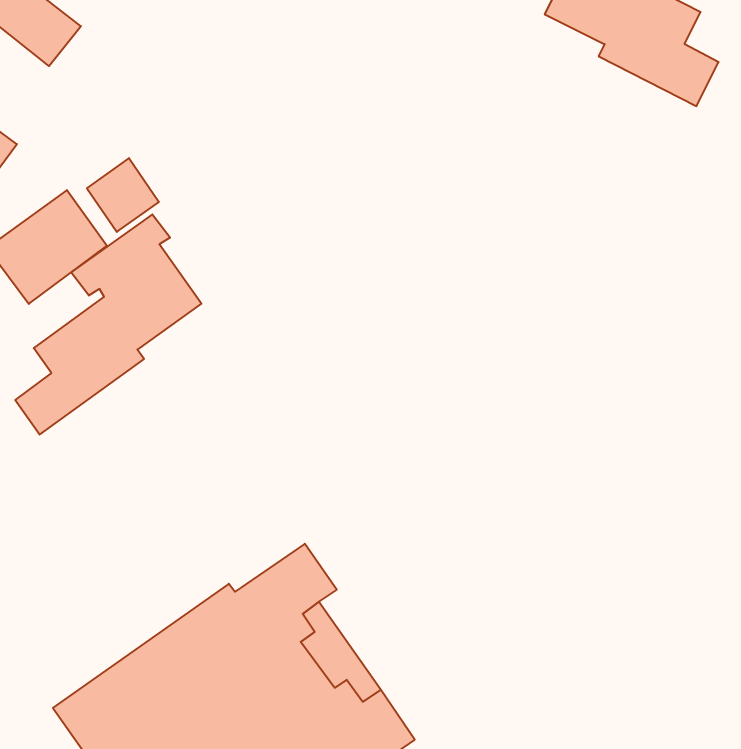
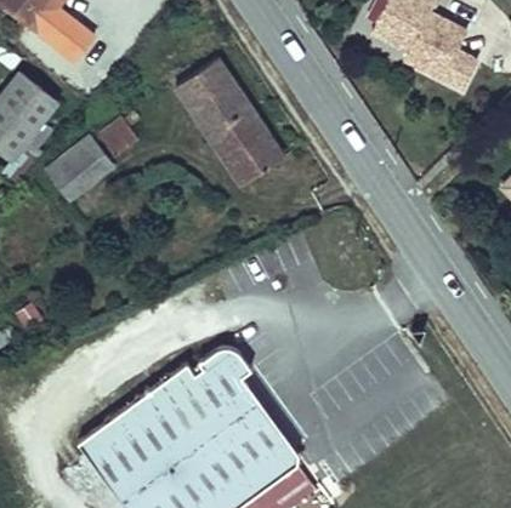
building: none -> [174,55,284,187]
building: [15,214,201,435] -> none

